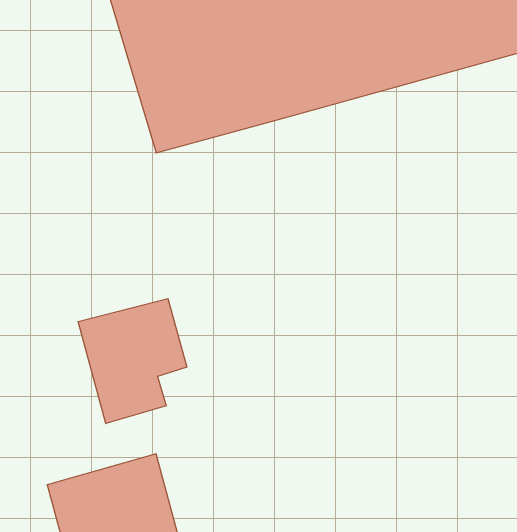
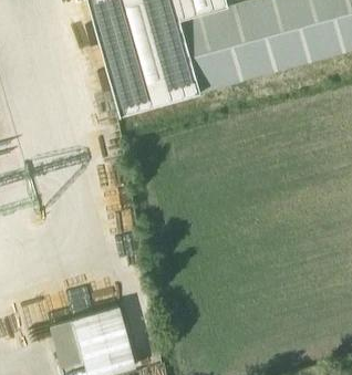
building: [78,299,187,424] -> none

